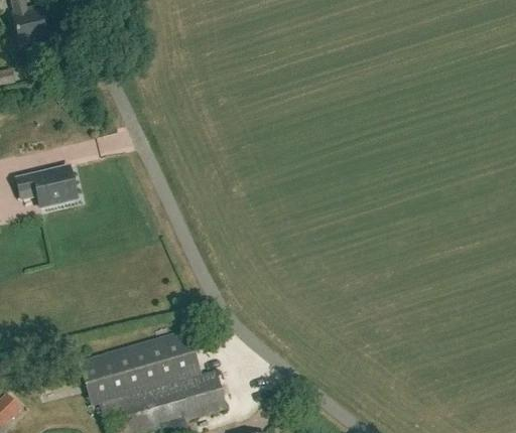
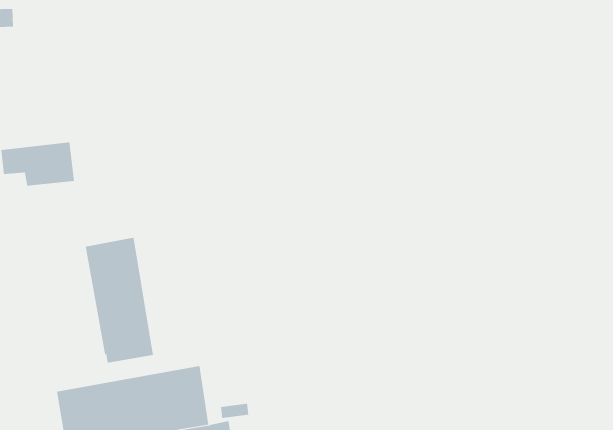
building: none -> [85,237,153,363]

